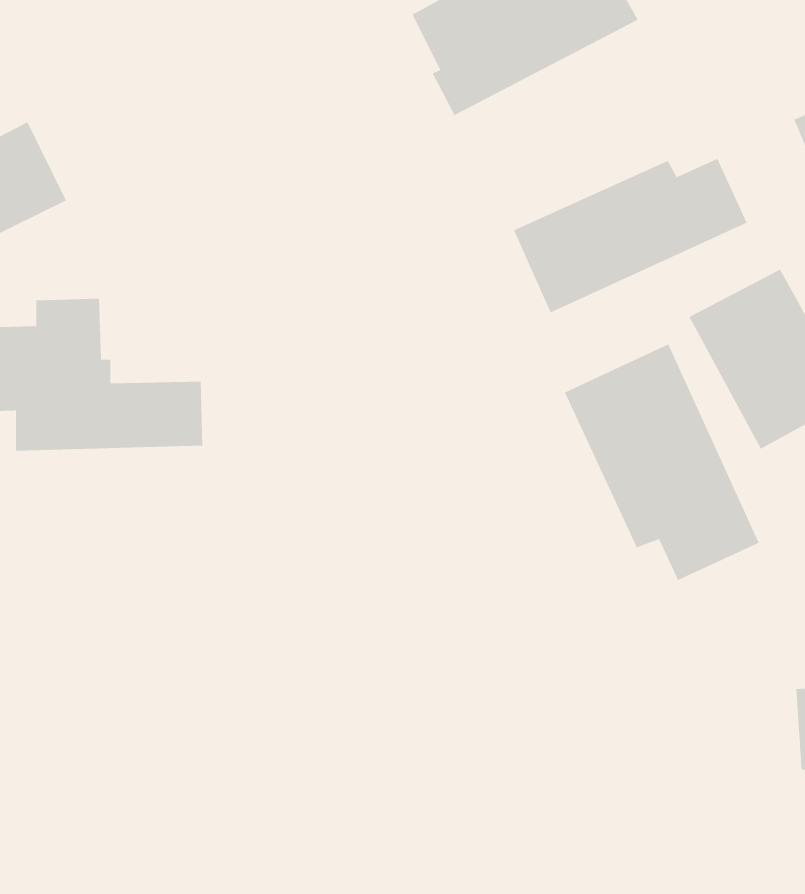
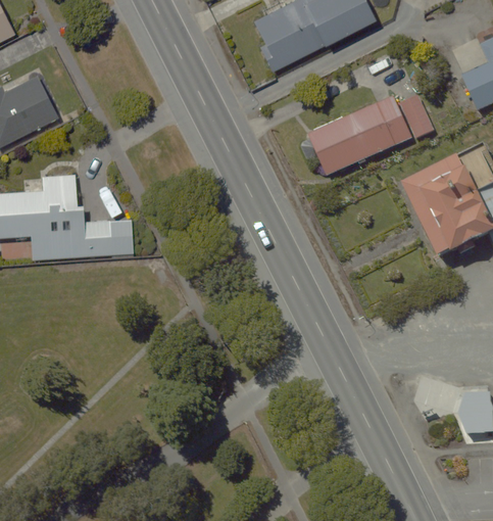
building: [564,344,760,581] -> none

